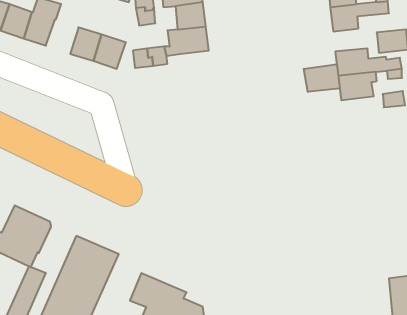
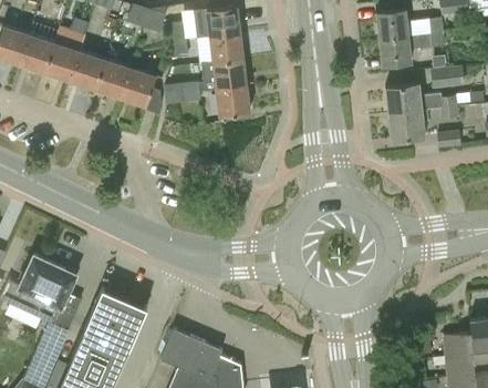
building: none -> [69,51,104,89]
building: none -> [216,85,250,116]
building: [304,64,340,92] -> none

